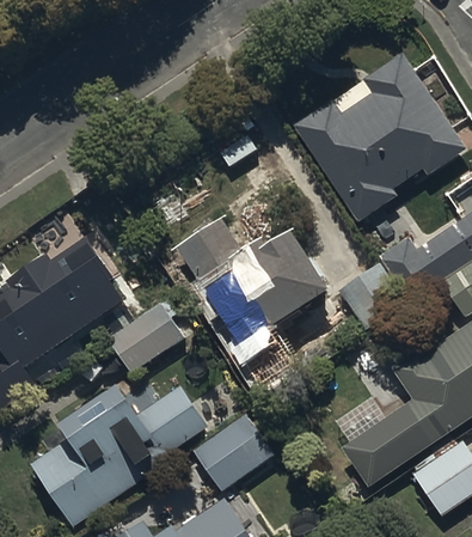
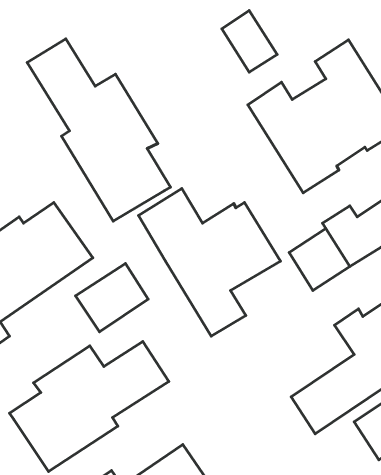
building: none -> [222,11,277,72]
building: none -> [27,39,171,221]
building: [191,413,272,492] -> none

